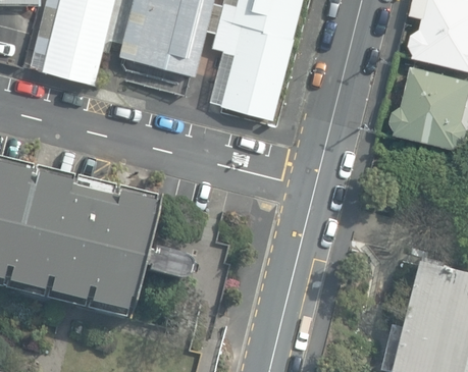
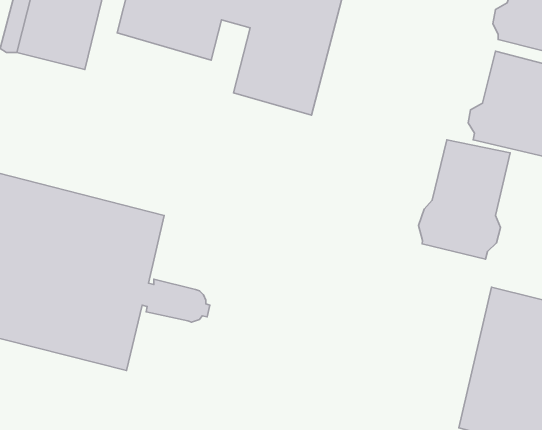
building: none -> [419,140,510,259]

